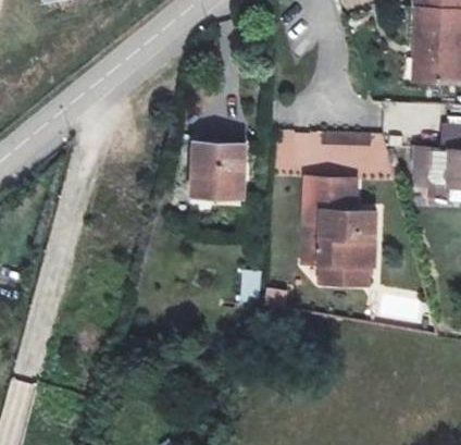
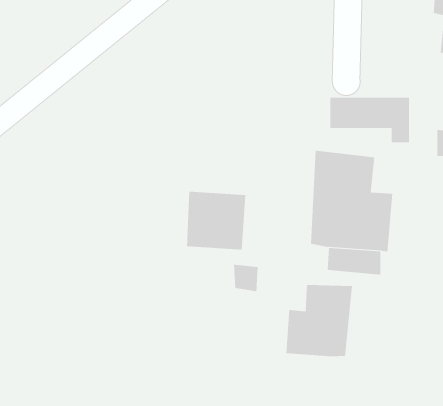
building: [184,147,238,200] -> [186,191,246,250]
building: none -> [286,284,352,357]

